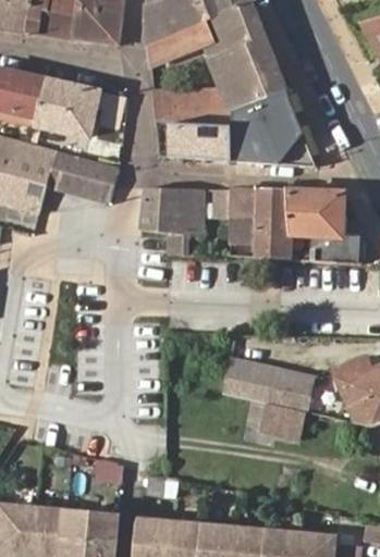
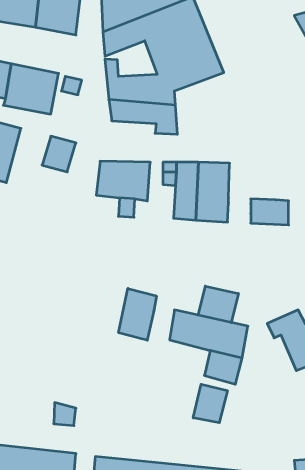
building: [229,89,316,165] -> none
building: [47,152,89,194] -> none
building: [290,191,344,233] -> none
building: none -> [198,286,238,323]
building: none -> [119,288,156,340]
building: none -> [193,384,227,423]

